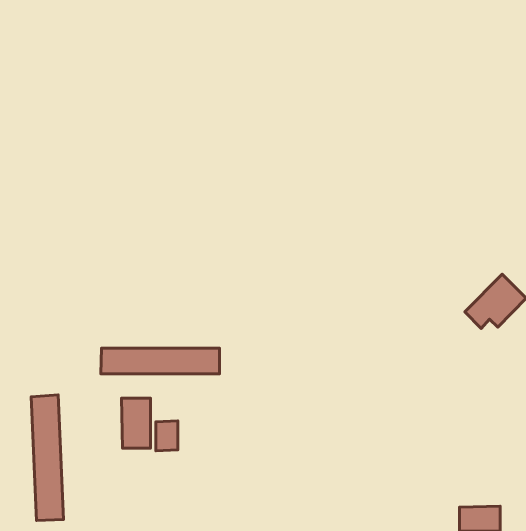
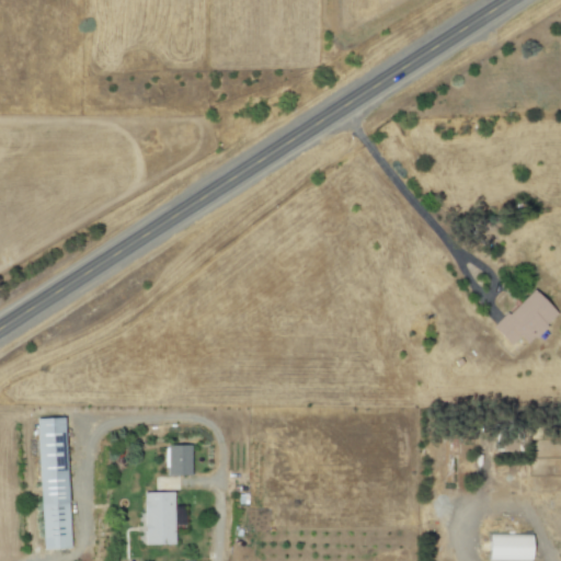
building: [101,348,220,374] -> none
building: [121,398,150,448] -> [146,492,176,545]

